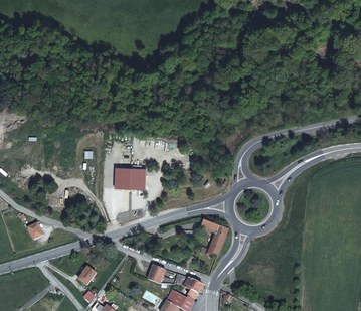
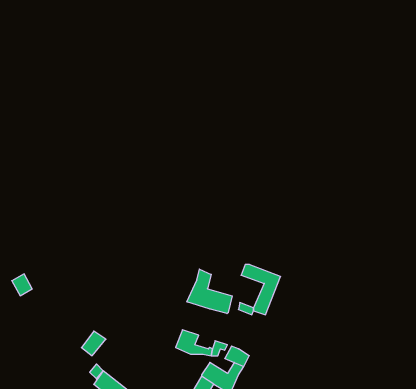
building: [110,169,141,190] -> none
building: none -> [187,269,232,314]

